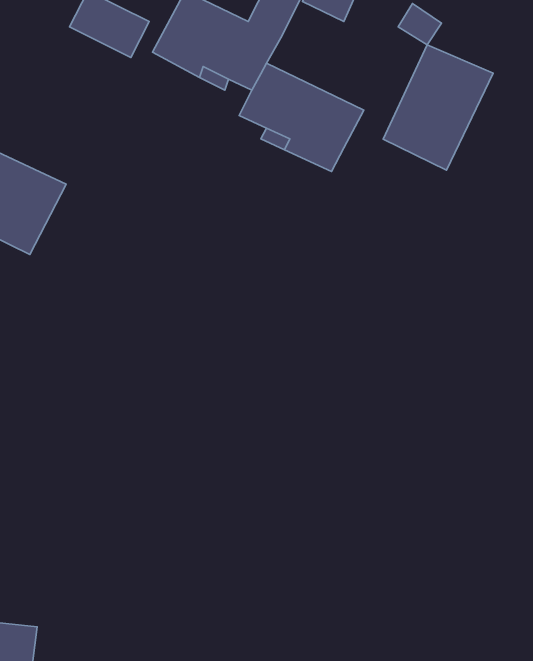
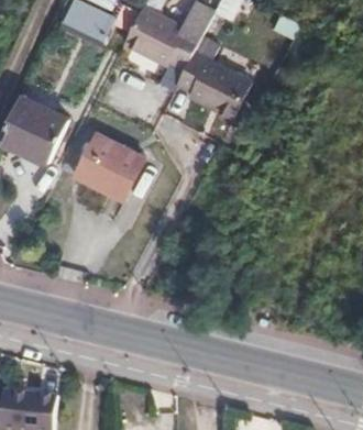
building: [383,45,493,170] -> none
building: none -> [73,132,142,197]

